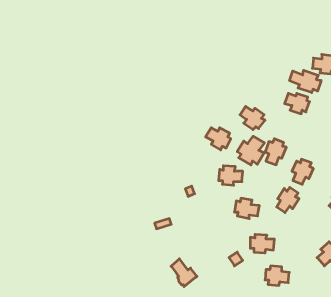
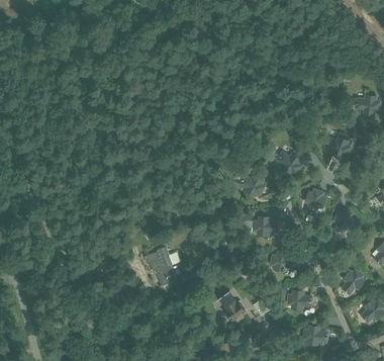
building: [290,70,321,93] -> none
building: [237,136,264,165] -> none
building: [277,187,299,213] -> [340,266,364,293]
building: none -> [145,247,177,286]
building: [171,259,197,287] -> [218,291,247,322]

